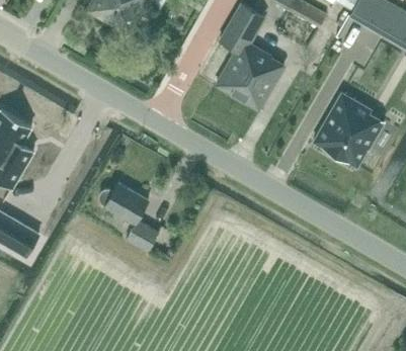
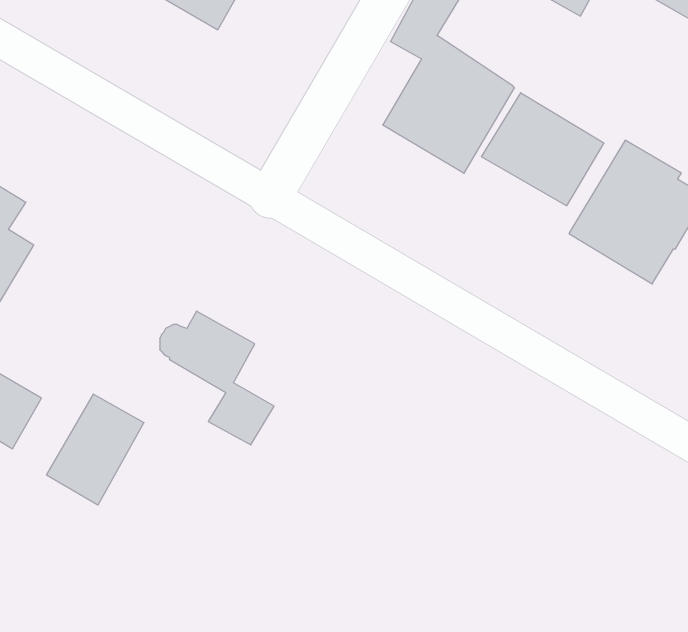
building: none -> [482,93,604,206]
building: none -> [47,394,144,505]

